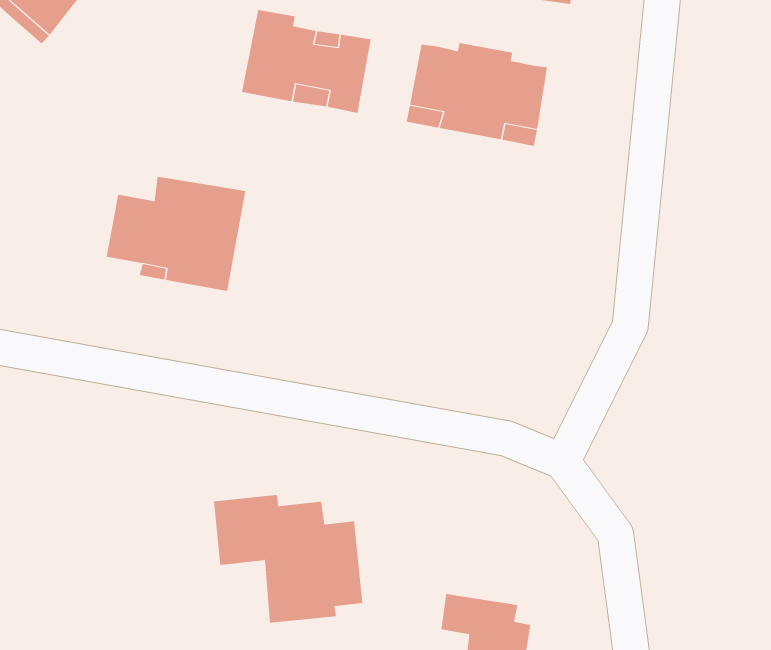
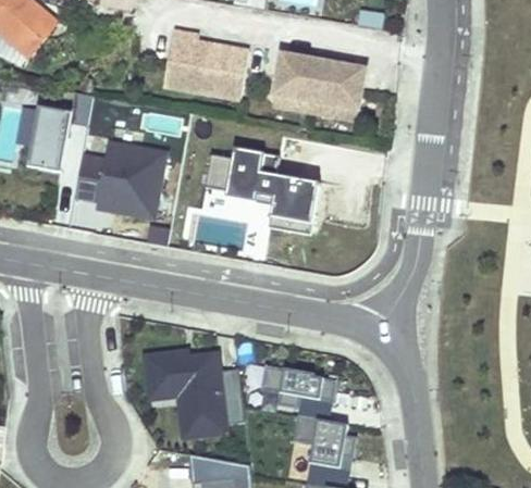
building: none -> [27,90,91,170]
building: none -> [208,148,317,234]
building: none -> [261,365,334,406]

